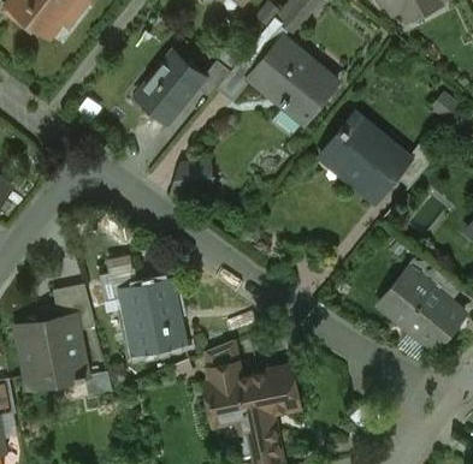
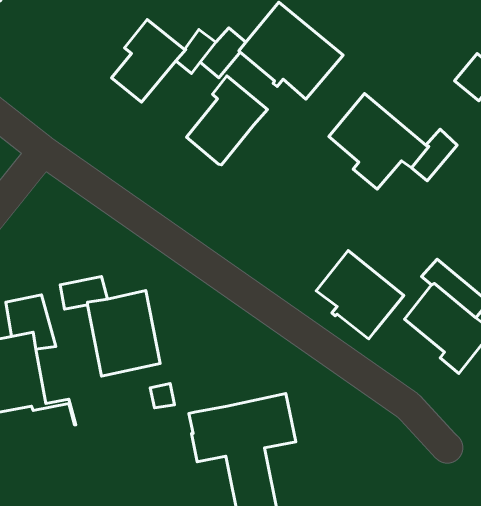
building: none -> [186,76,267,165]
building: none -> [316,251,404,339]
building: [206,341,240,382] -> none

